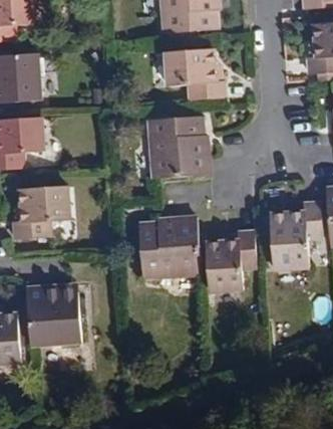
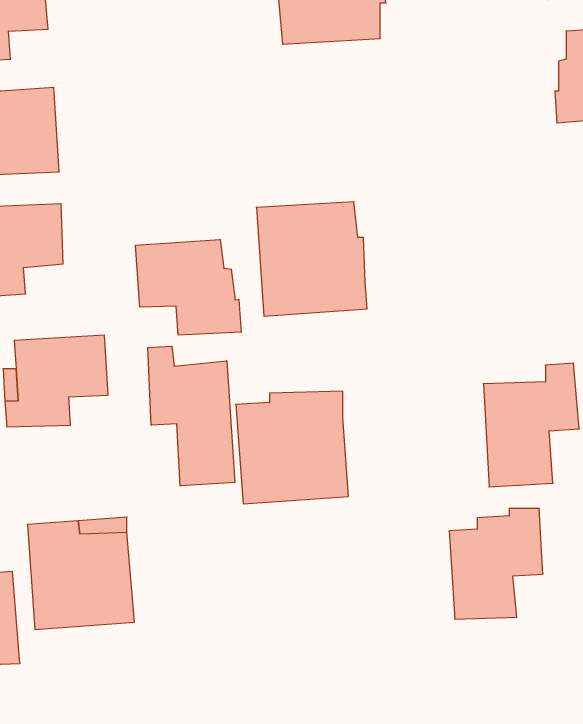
building: [165,49,226,98] -> none
building: none -> [136,239,241,335]
building: none -> [148,346,235,486]
building: [206,231,256,290] -> [449,508,543,619]

